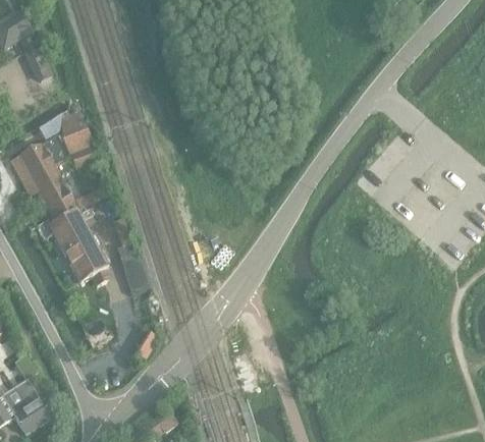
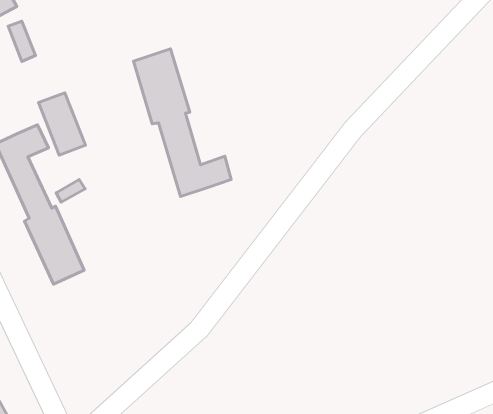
building: none -> [133,49,231,197]

